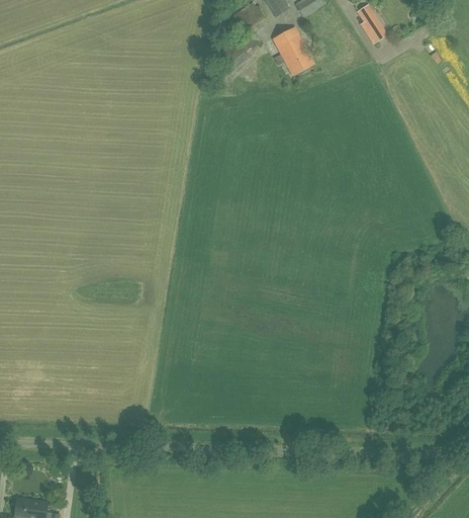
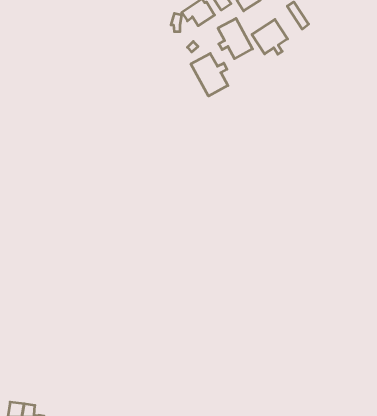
building: none -> [252,19,288,54]
building: none -> [191,53,228,96]

